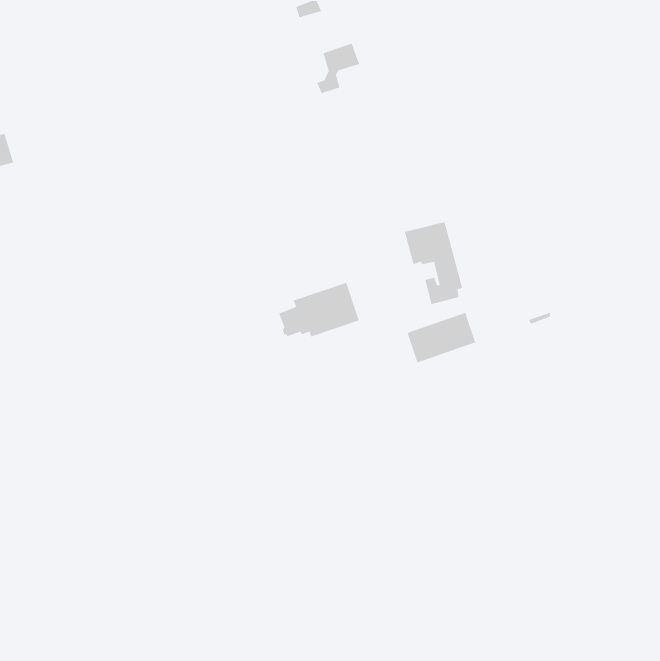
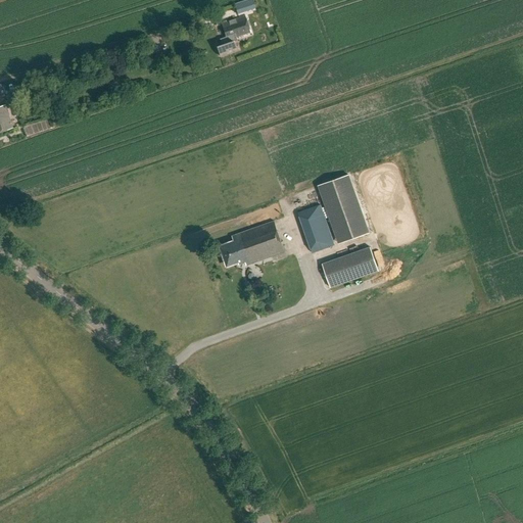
building: [316,42,360,94] -> [216,15,250,56]
building: none -> [297,204,333,252]

